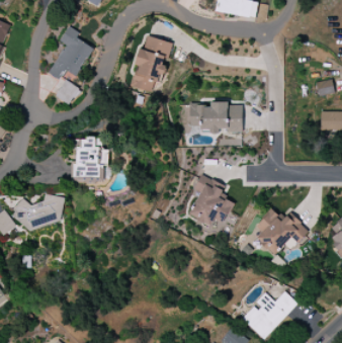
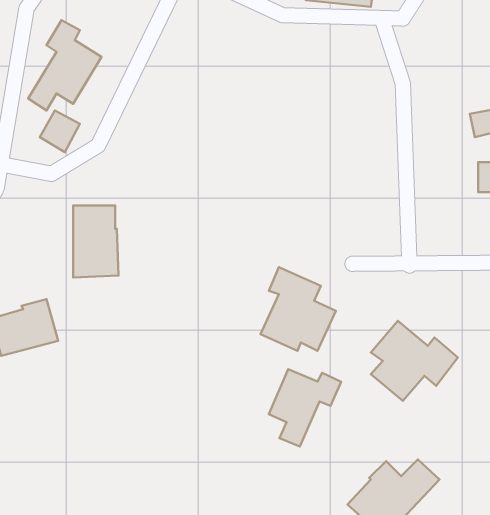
building: [131,35,172,92] -> none
building: [190,101,243,132] -> none
building: none -> [269,369,341,446]

